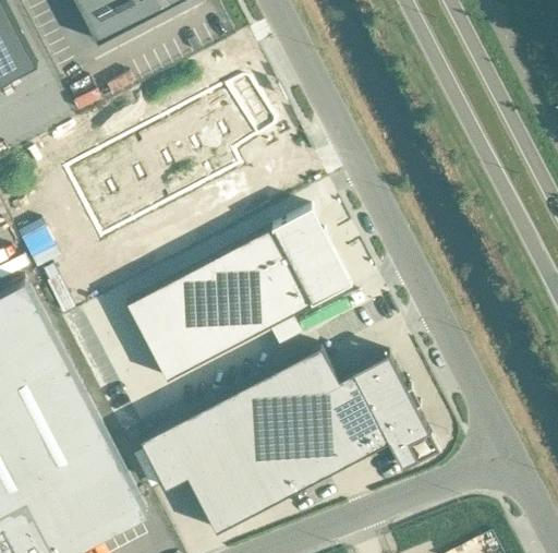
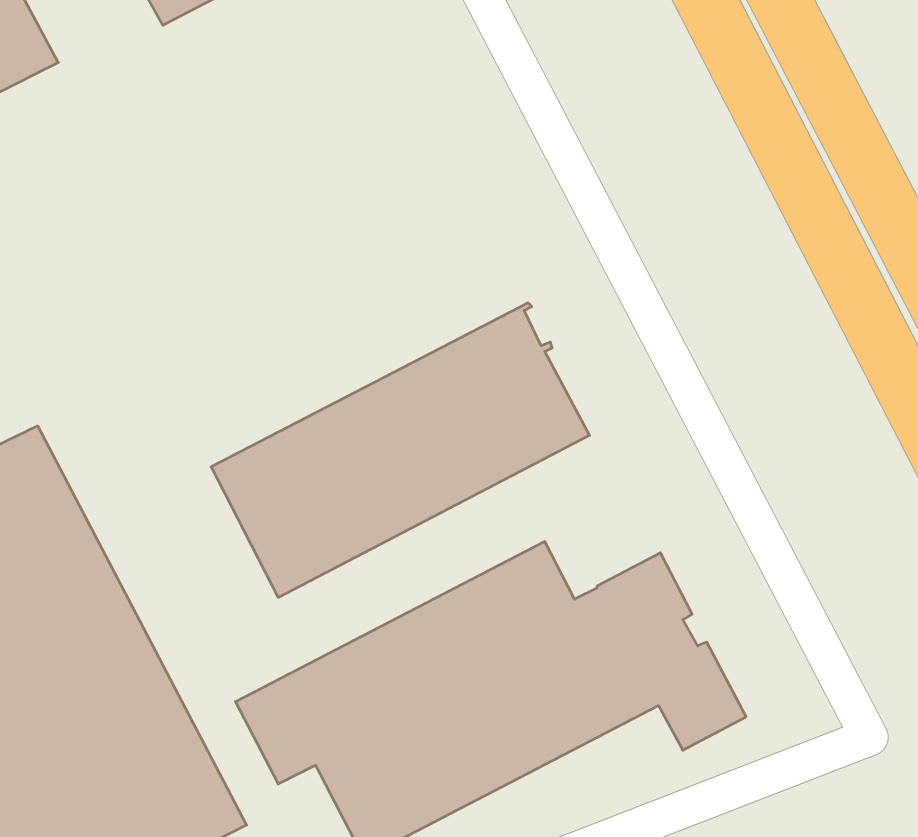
building: [63,76,276,241] -> none

